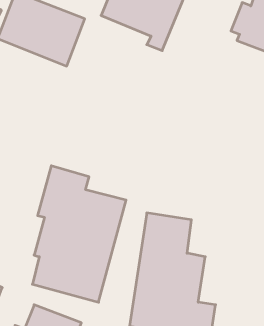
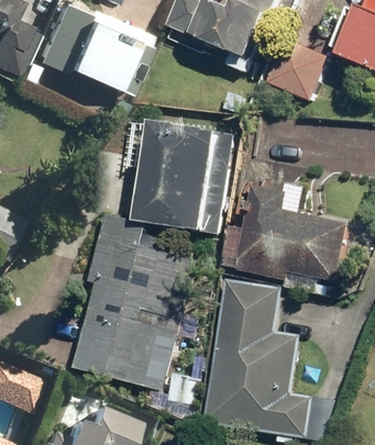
building: none -> [271,42,330,103]
building: none -> [137,123,236,236]
building: none -> [238,189,350,285]

